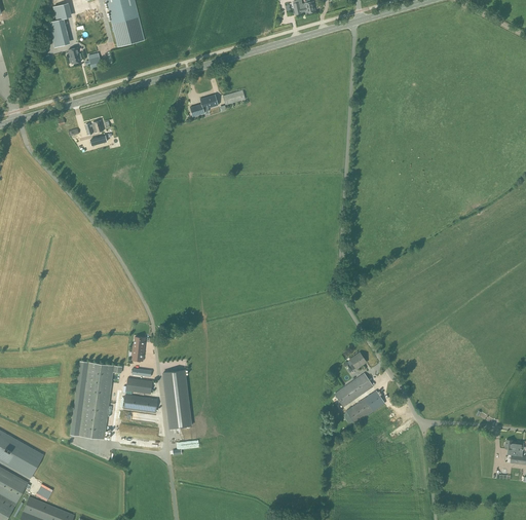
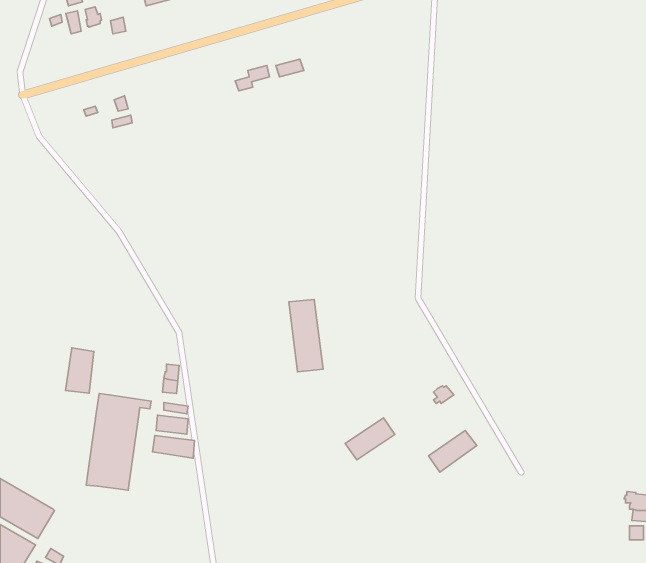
building: none -> [66,348,94,393]
building: [163,369,191,428] -> [289,299,323,372]
building: [334,372,374,406] -> [345,418,395,460]

